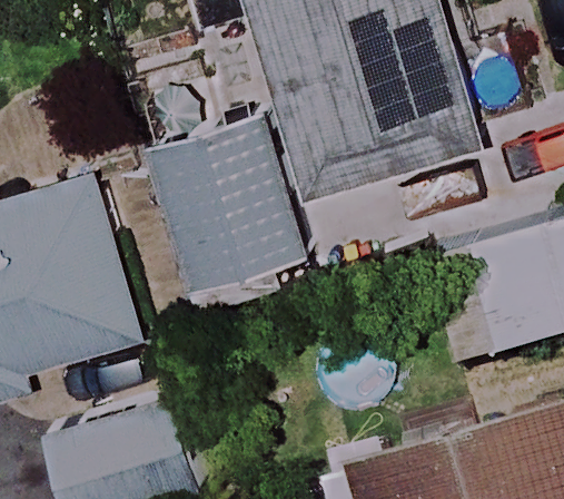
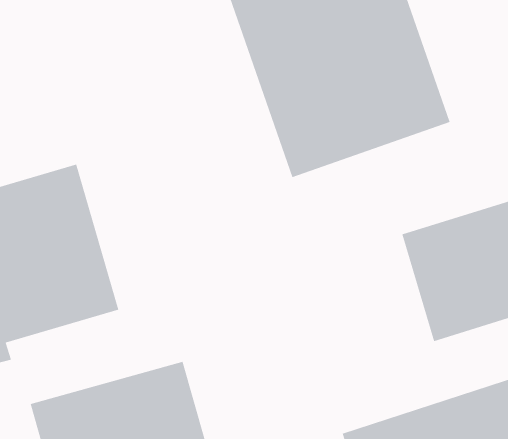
building: [148,112,304,287] -> none

